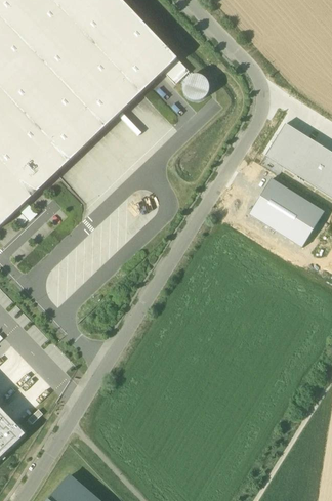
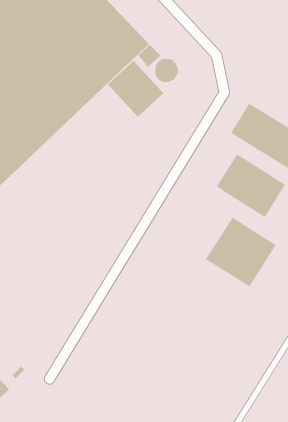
building: none -> [107,60,164,118]
building: none -> [205,217,277,287]

